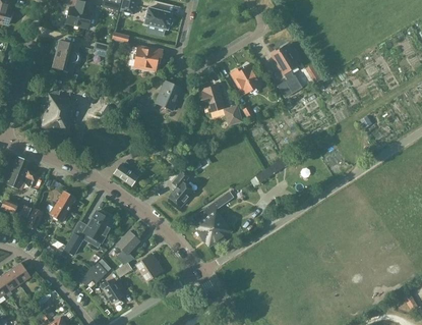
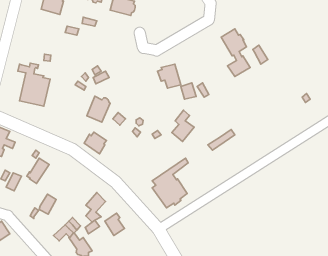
building: [54,41,77,71] -> none
building: [133,46,162,70] -> none
building: [230,65,260,95] -> none
building: [155,80,181,110] -> [87,96,110,122]
building: [168,171,193,207] -> [172,110,194,142]
building: [81,210,114,248] -> none

